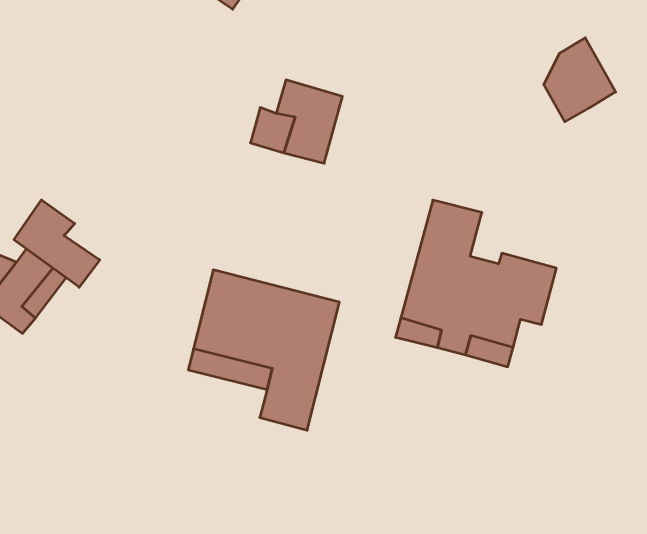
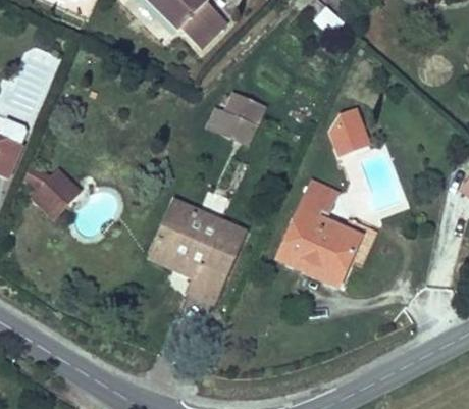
building: [544,38,616,122] -> [327,107,370,156]
building: [14,200,100,287] -> none

